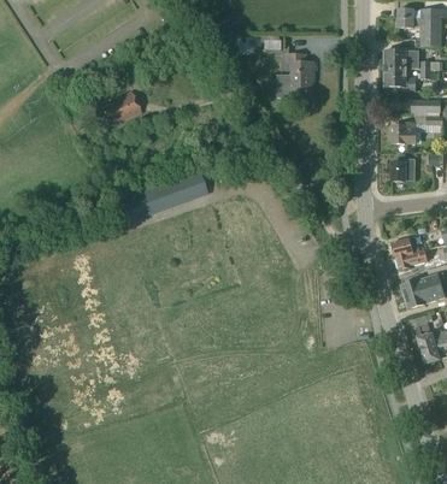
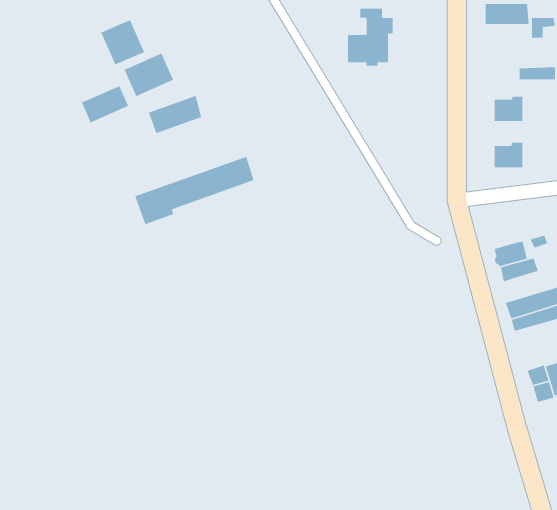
building: none -> [100,19,145,66]
building: [384,67,414,90] -> none
building: none -> [81,85,129,123]
building: none -> [148,95,202,134]

